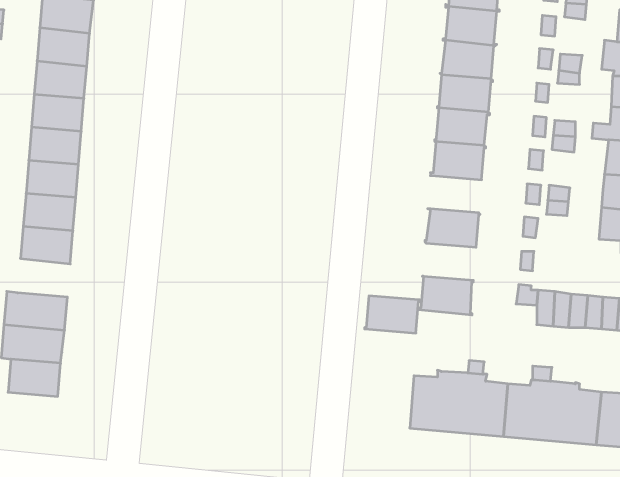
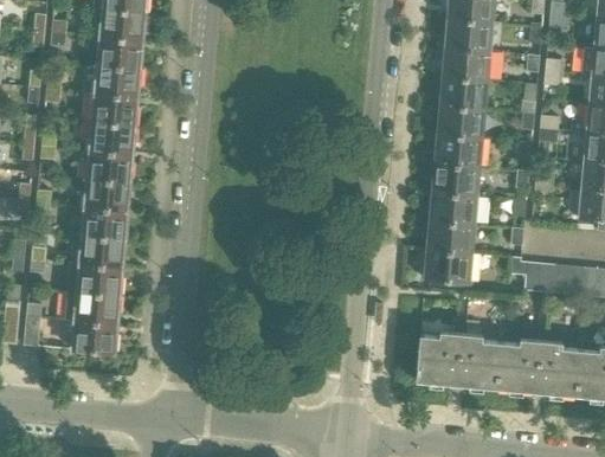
building: none -> [431,165,478,197]
building: none -> [79,236,124,269]
building: [365,296,420,333] -> [426,223,474,255]

